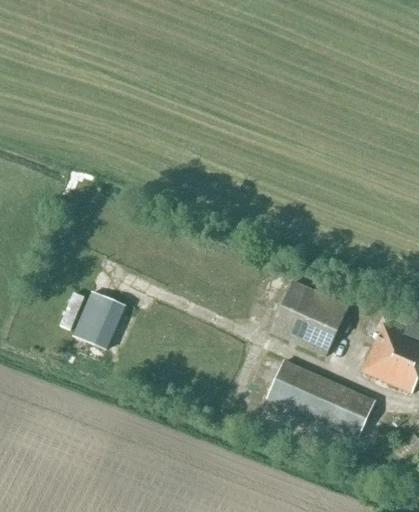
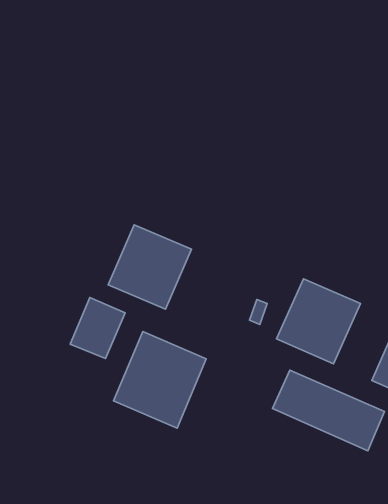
building: none -> [108,225,191,309]
building: none -> [114,331,206,428]

